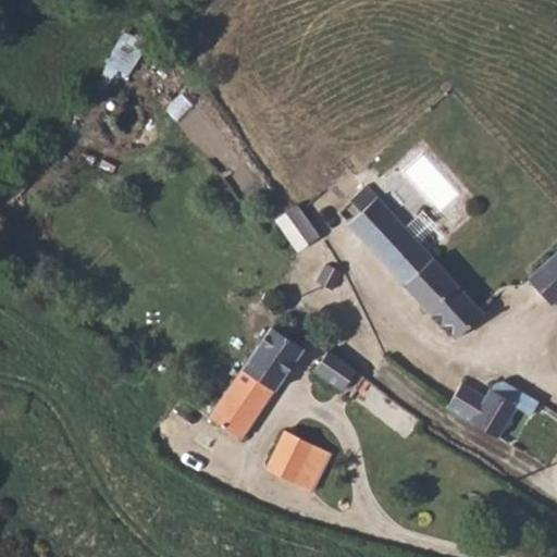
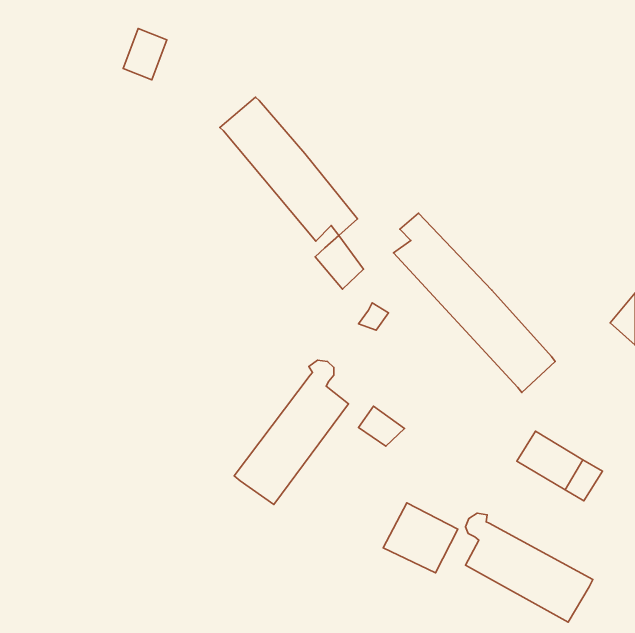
building: none -> [220,97,358,241]
building: [264,431,330,492] -> [383,503,458,573]
building: none -> [466,513,593,622]

